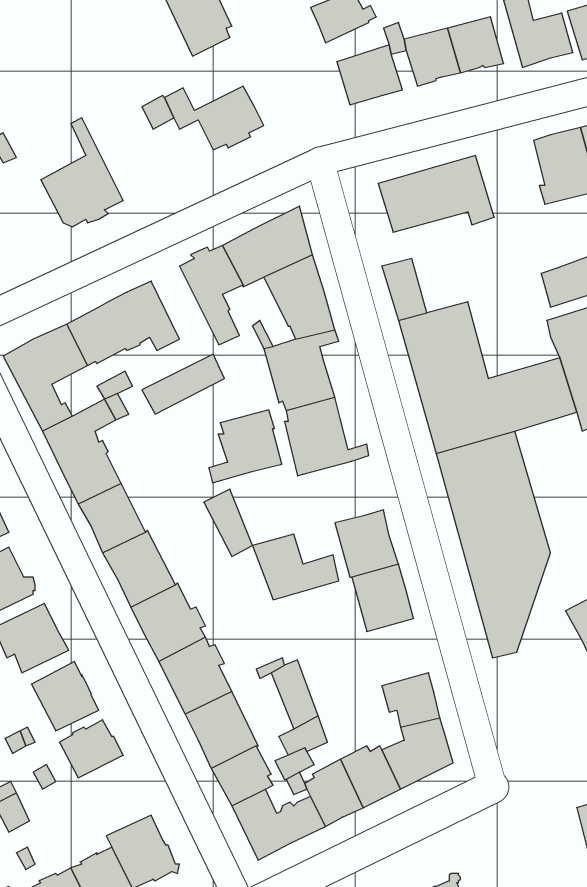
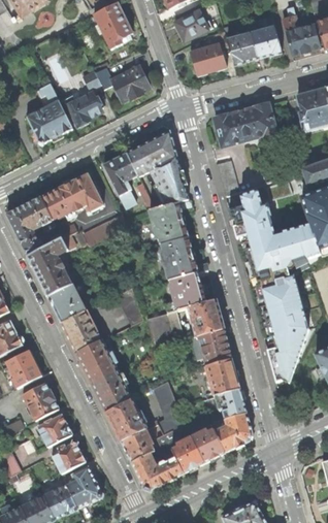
building: none -> [67,92,101,125]
building: [209,410,282,483] -> [165,271,205,312]
building: none -> [206,358,240,395]
building: none -> [51,439,86,473]

